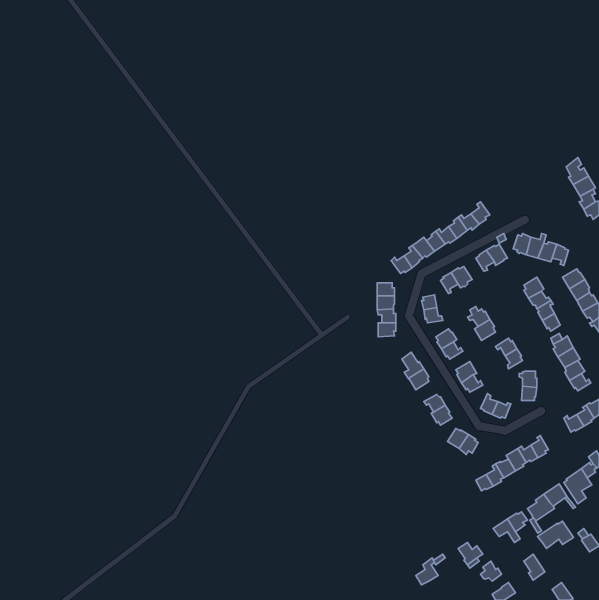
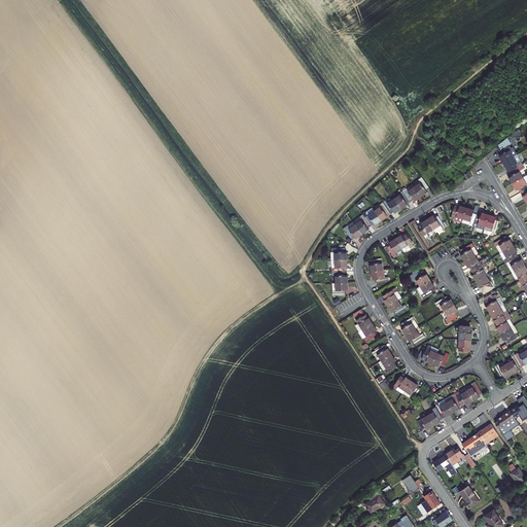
building: [538,521,574,549] -> none

